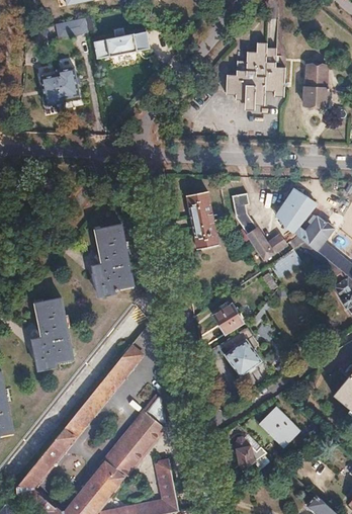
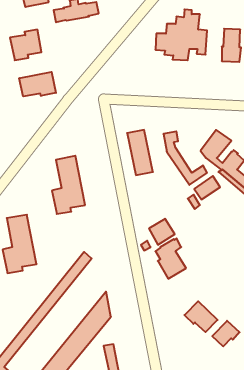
building: none -> [19,72,56,96]
building: none -> [212,321,240,346]
building: [235,436,268,469] -> none

